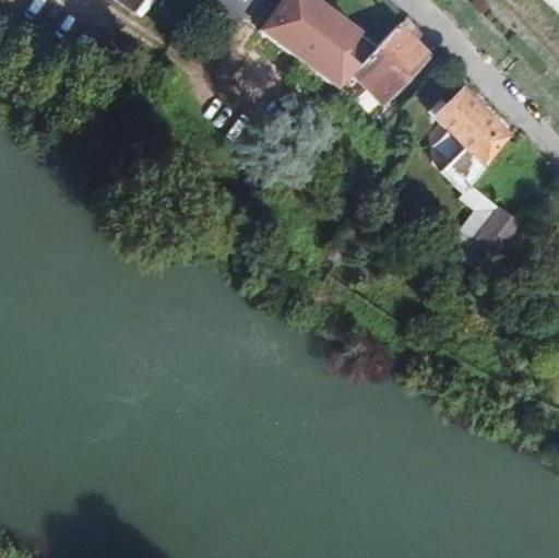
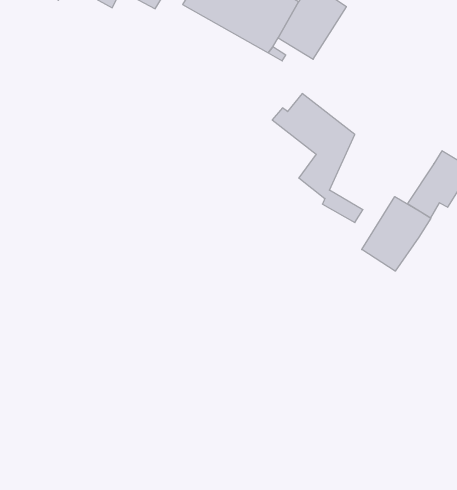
building: [424,83,506,221] -> [272,94,363,223]
building: none -> [362,197,431,271]

